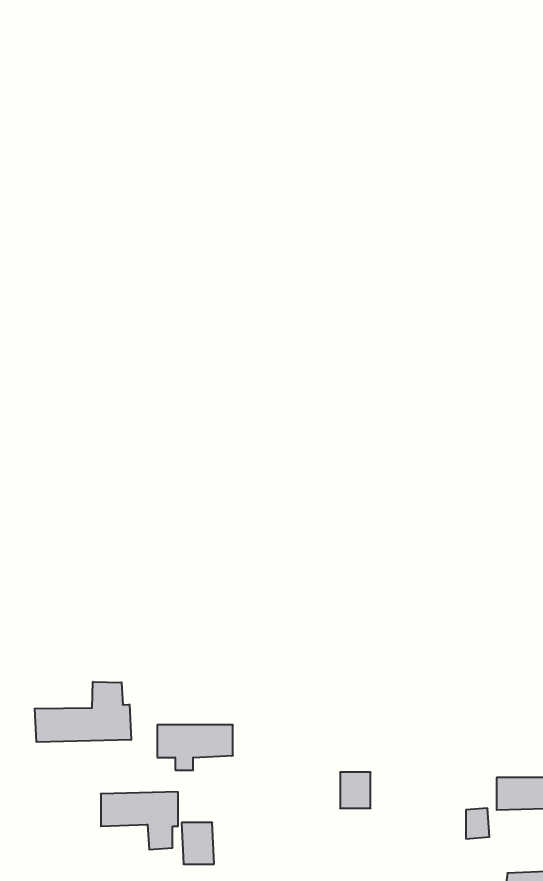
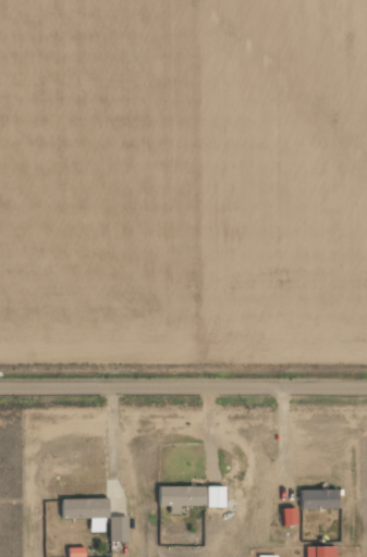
building: [35,682,131,742] -> none
building: [157,725,233,770] -> [160,486,206,513]

